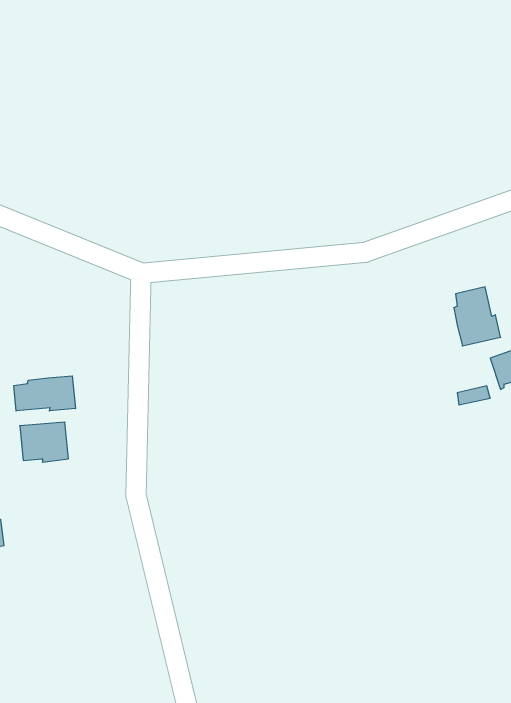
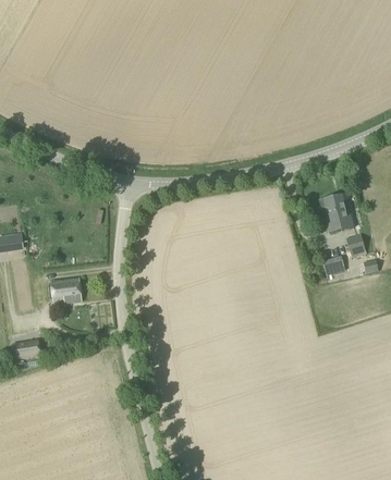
building: [14,376,75,411] -> none

